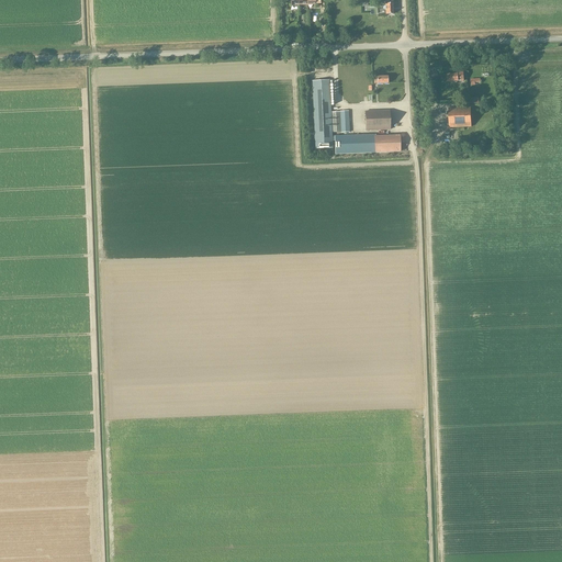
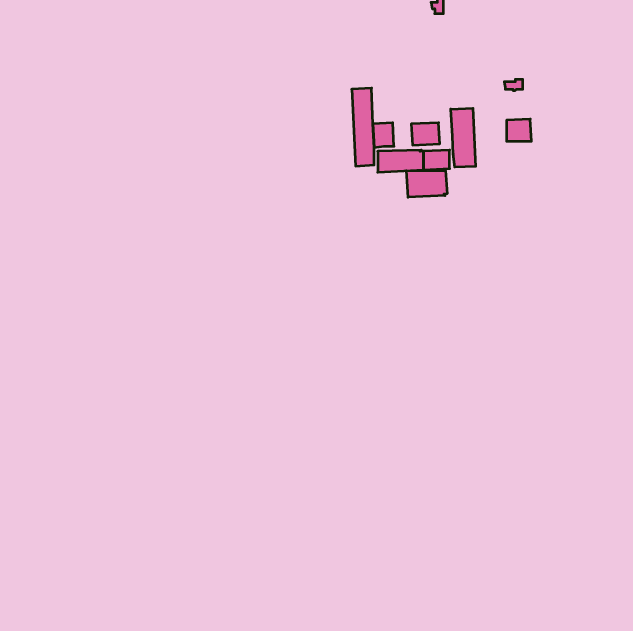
building: none -> [451,108,476,167]
building: none -> [406,170,447,197]

